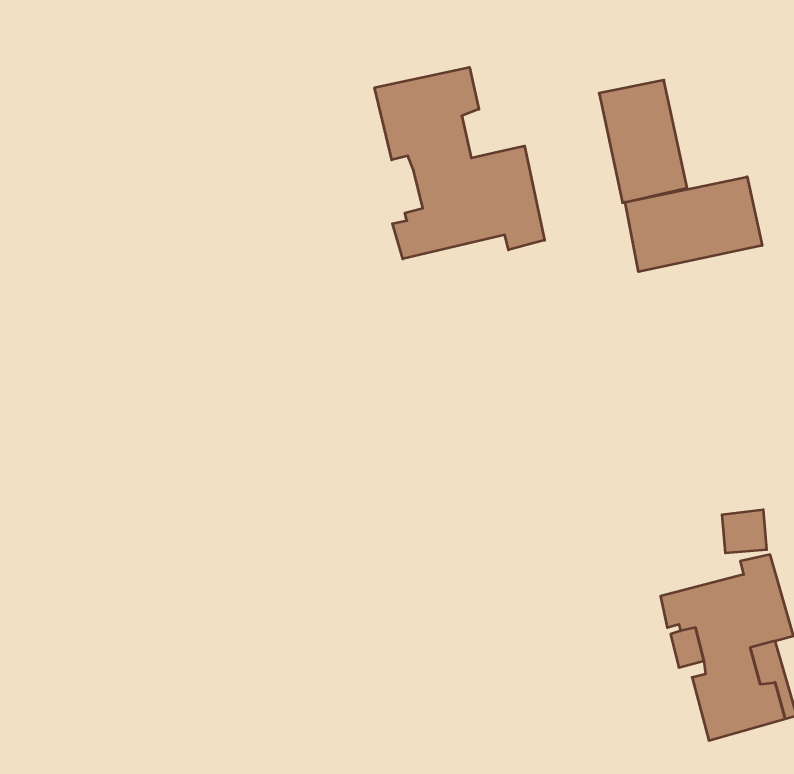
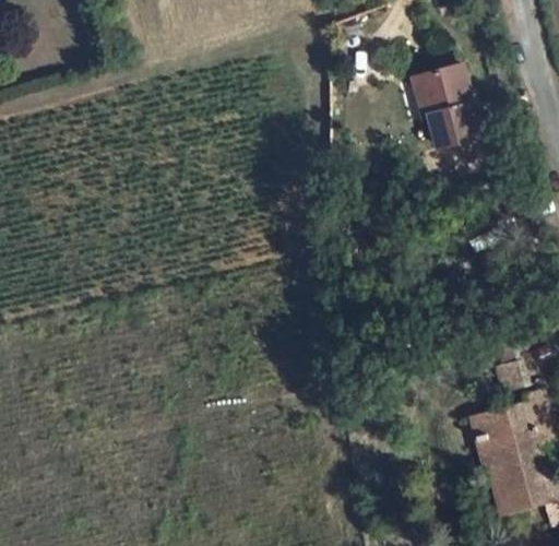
building: [375,67,545,259] -> none
building: [625,177,762,272] -> none

